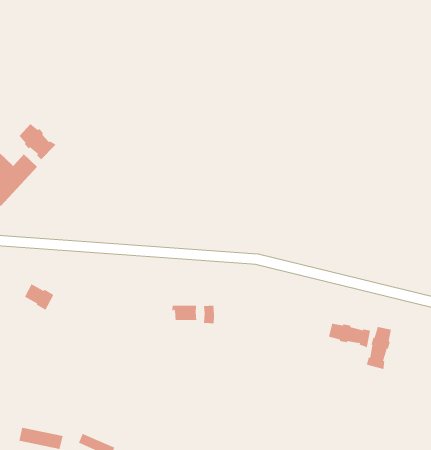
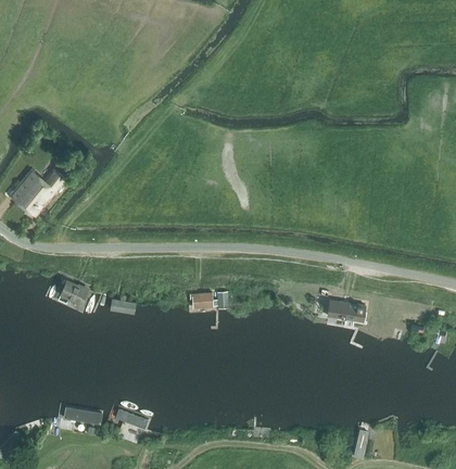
building: [19,123,57,160] -> none
building: [366,326,391,370] -> none

